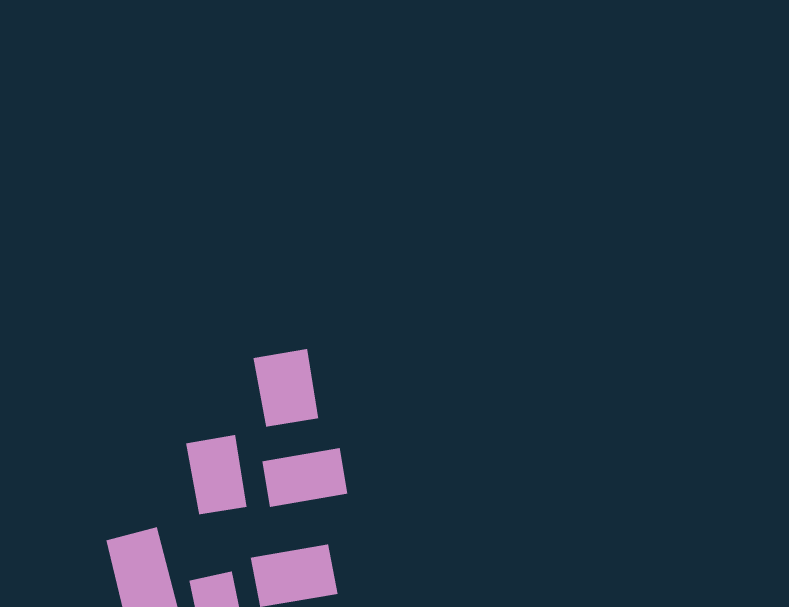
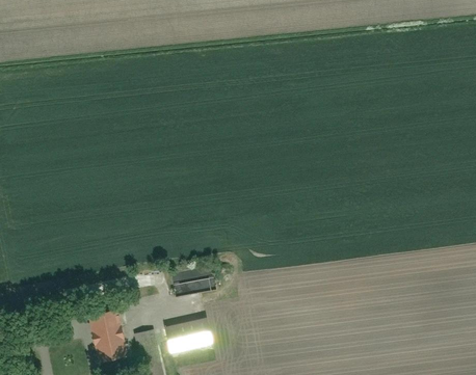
building: [253,348,319,427] -> none
building: [186,434,247,515] -> none

